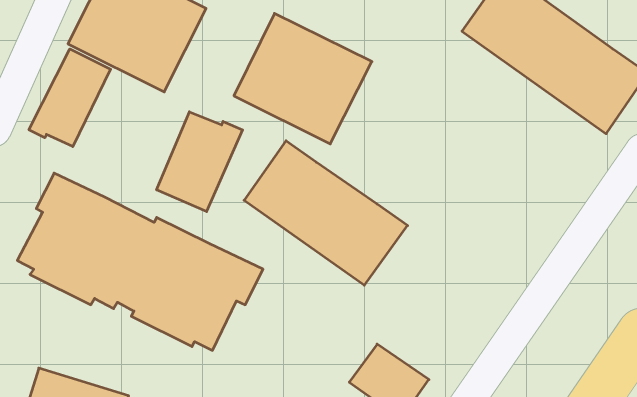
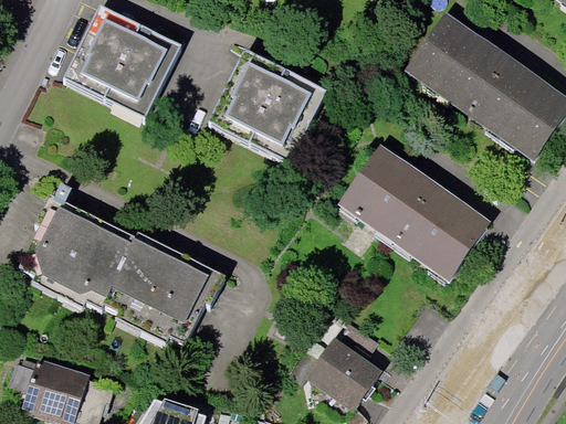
building: [29,49,111,147] -> none
building: [157,112,243,212] -> none
building: [244,141,408,285] -> [343,148,485,274]

